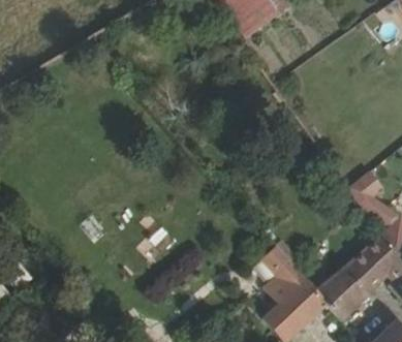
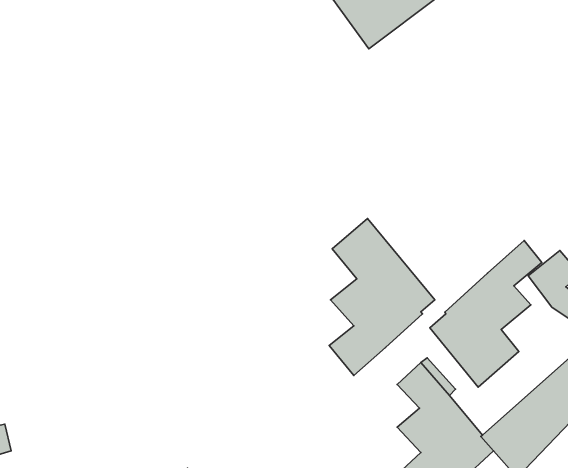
building: none -> [329,218,435,376]
building: none -> [430,241,542,387]

